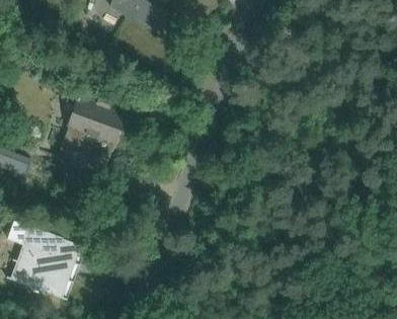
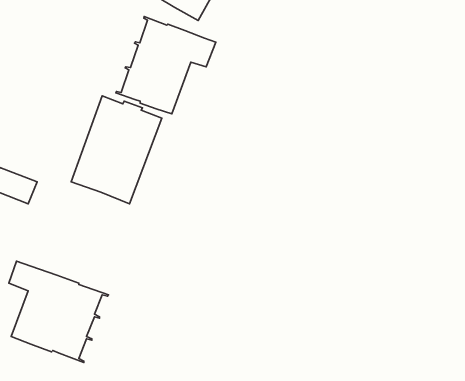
building: none -> [116,16,216,114]

